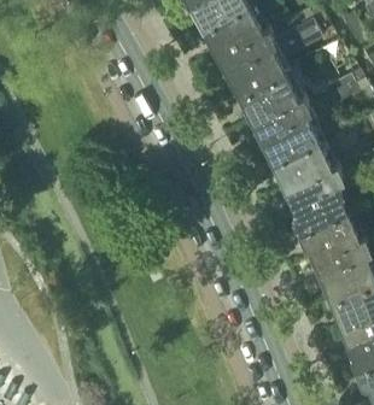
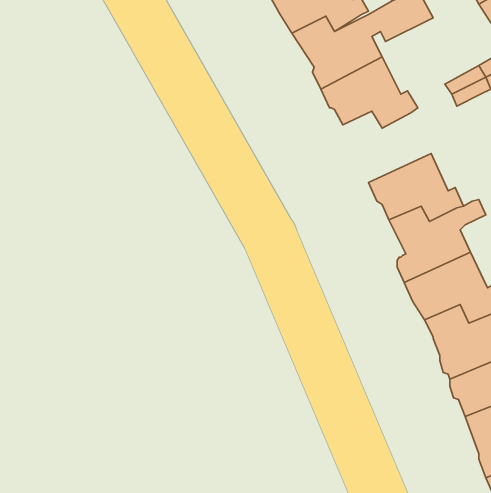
building: [253,107,316,158] -> none

